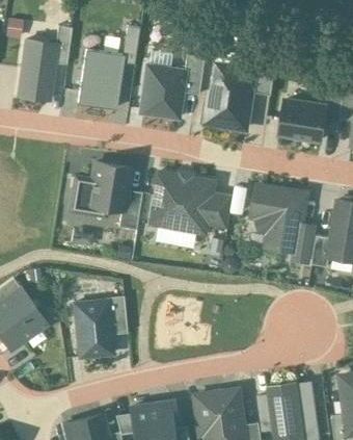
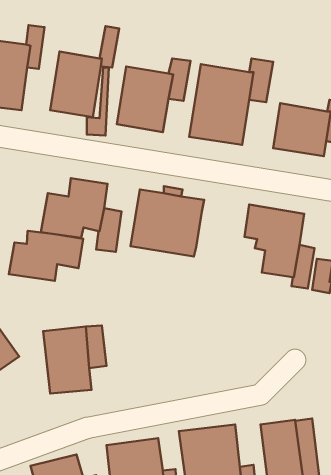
building: [208,193,234,230] -> none
building: none -> [9,231,83,281]

